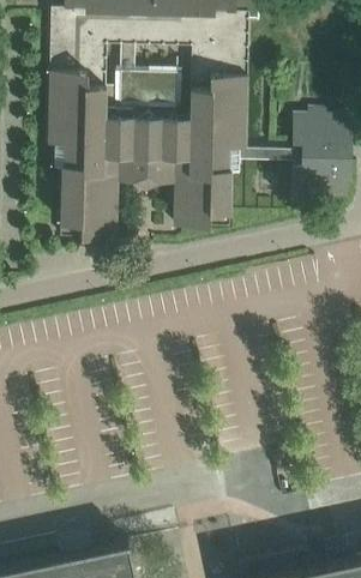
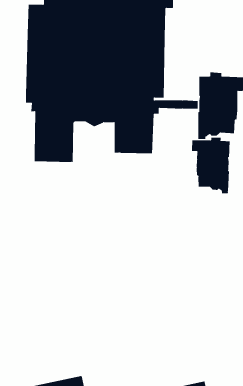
building: none -> [191,137,230,194]

